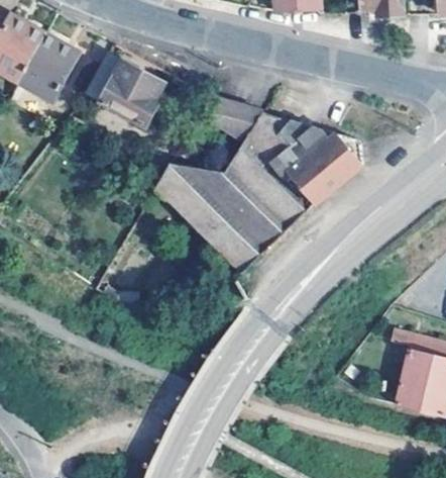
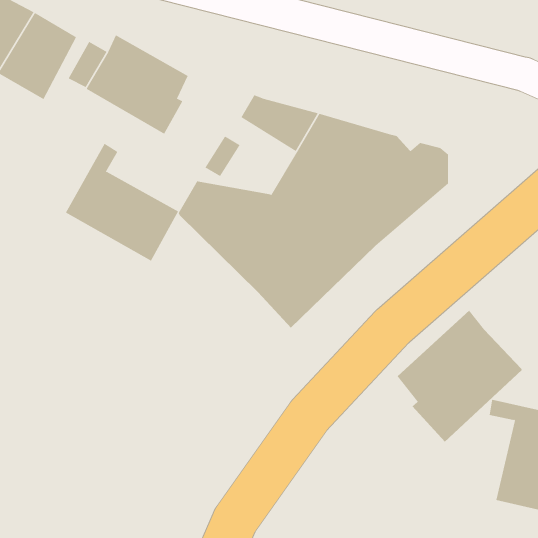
building: none -> [65,143,179,261]
building: none -> [397,310,522,443]

